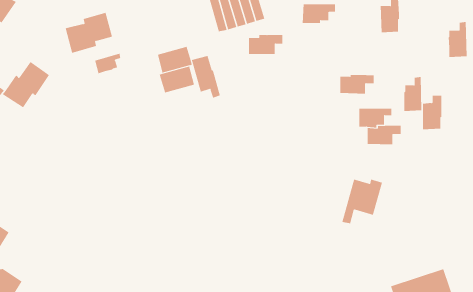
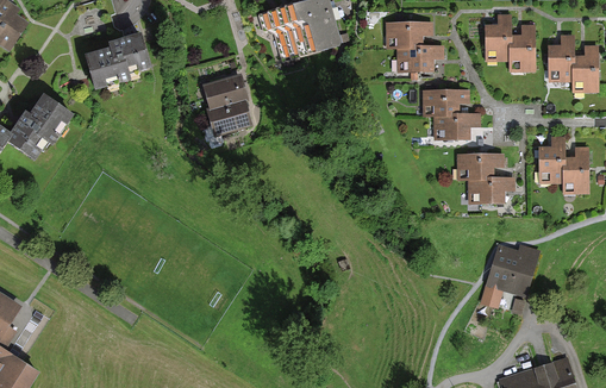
building: none -> [510,26,533,69]
building: none -> [549,36,573,79]
building: [248,35,283,54] -> [398,44,442,69]
building: [94,53,121,74] -> none
building: [191,55,220,98] -> none
building: none -> [423,89,467,114]
building: [403,76,422,111] -> [563,148,587,192]
building: [341,179,383,224] -> [483,248,536,305]

